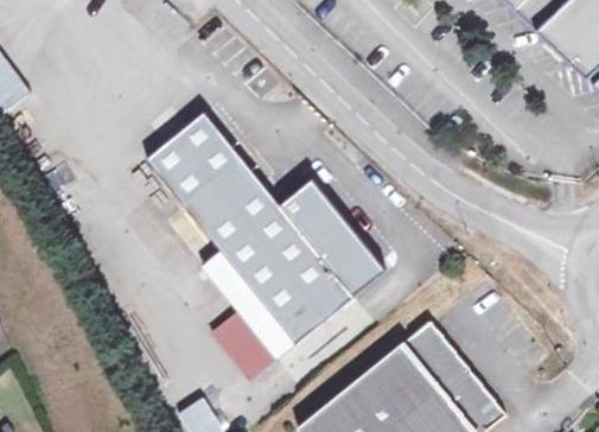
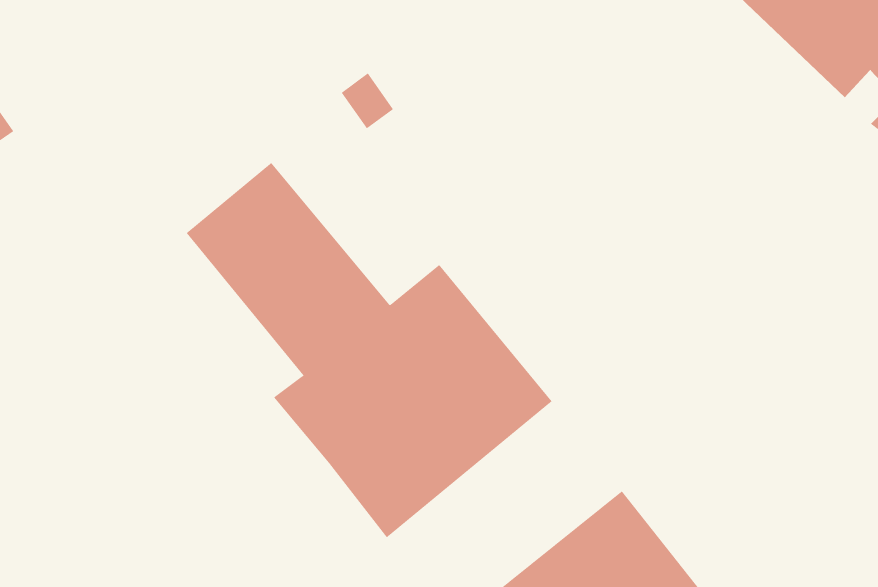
building: [211,306,276,376] -> none

